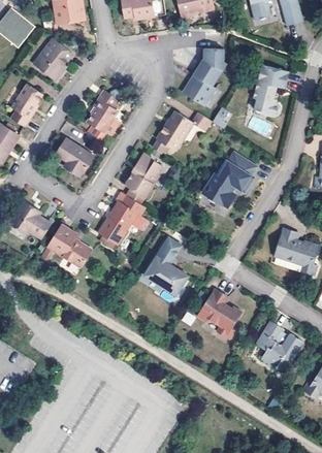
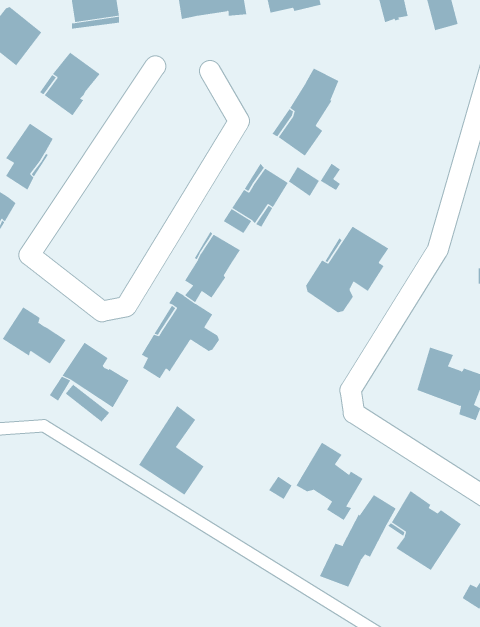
building: [254,65,288,117] -> none
building: [87,91,121,143] -> none
building: [55,138,94,177] -> none
building: [144,237,187,295] -> [138,405,204,496]
building: none -> [319,494,396,587]

